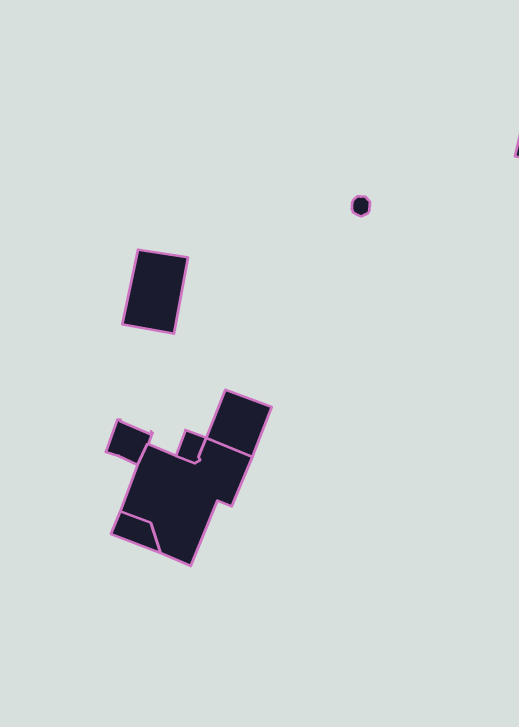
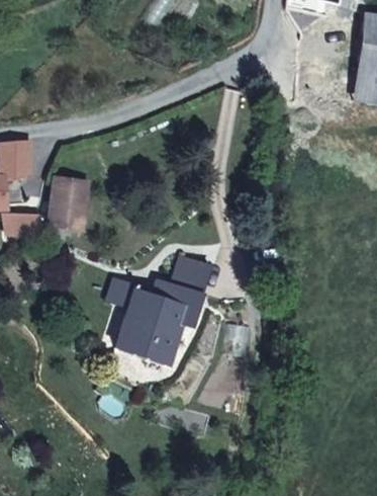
building: [122,250,188,334] -> [49,178,87,229]

